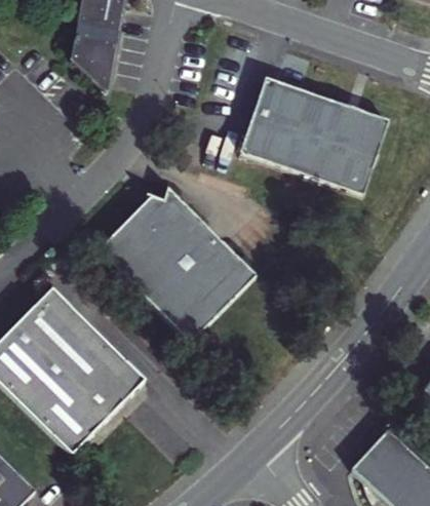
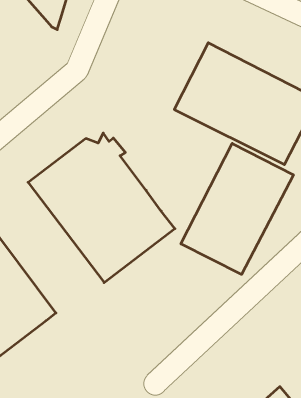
building: none -> [181,143,293,274]

